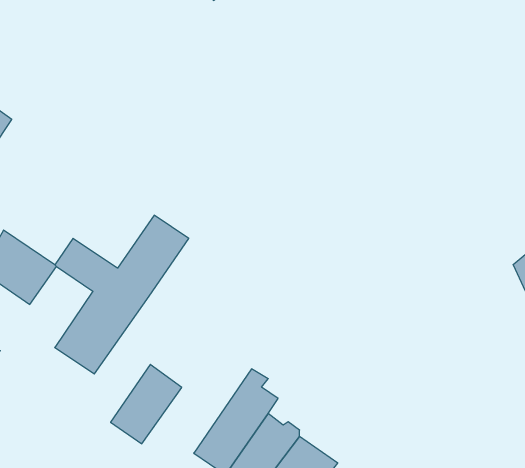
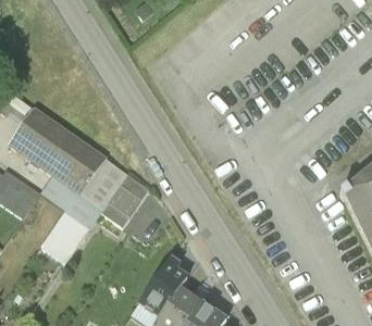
building: none -> [9,110,104,193]
building: [111,364,182,444] -> [101,174,148,226]

